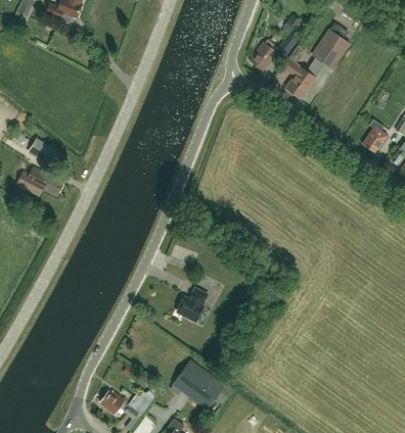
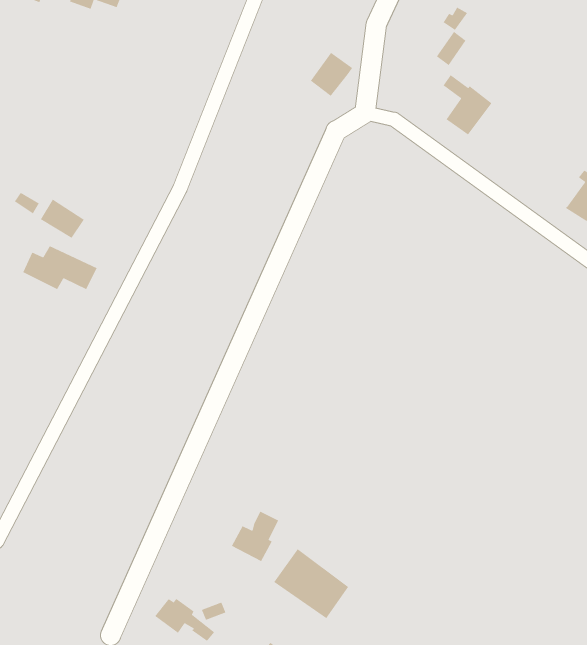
building: [313,30,349,68] -> none
building: [250,42,277,70] -> [310,52,353,97]
building: [177,288,208,321] -> [231,511,279,562]

